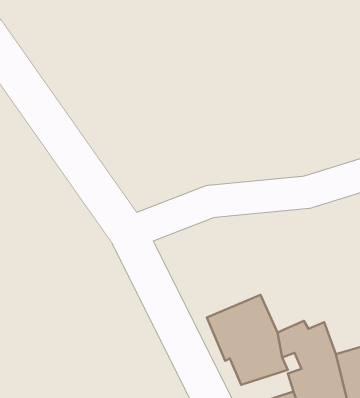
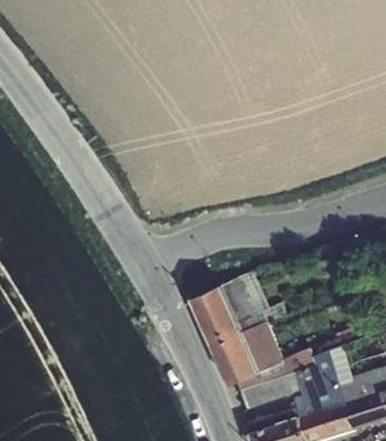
building: none -> [191,272,285,344]

